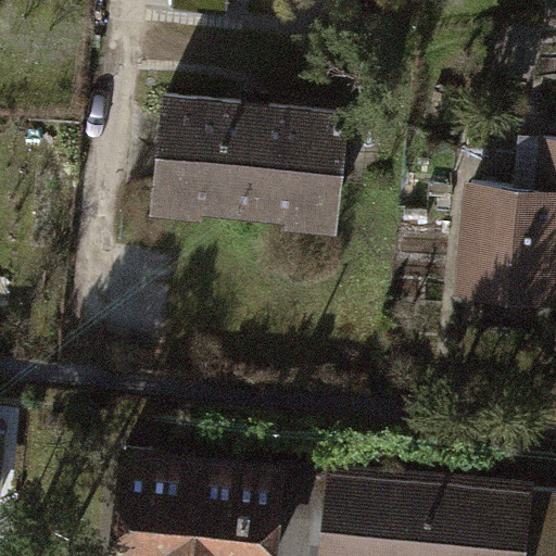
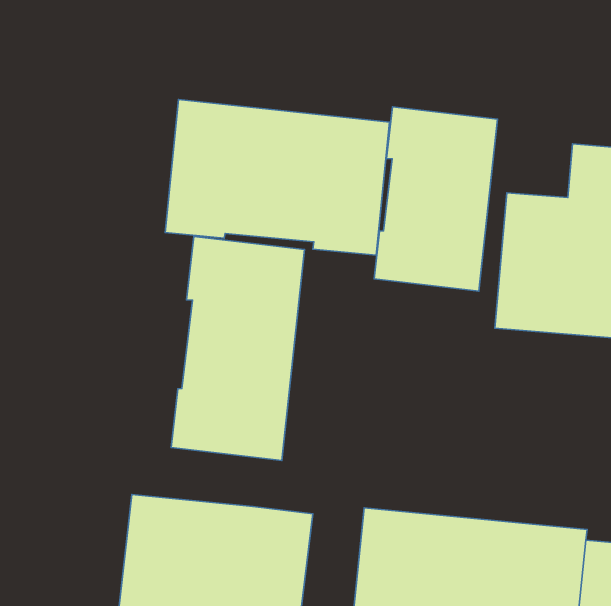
building: none -> [374,107,497,291]
building: none -> [171,237,305,461]

